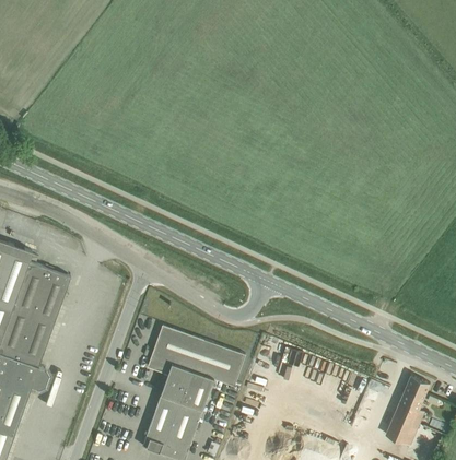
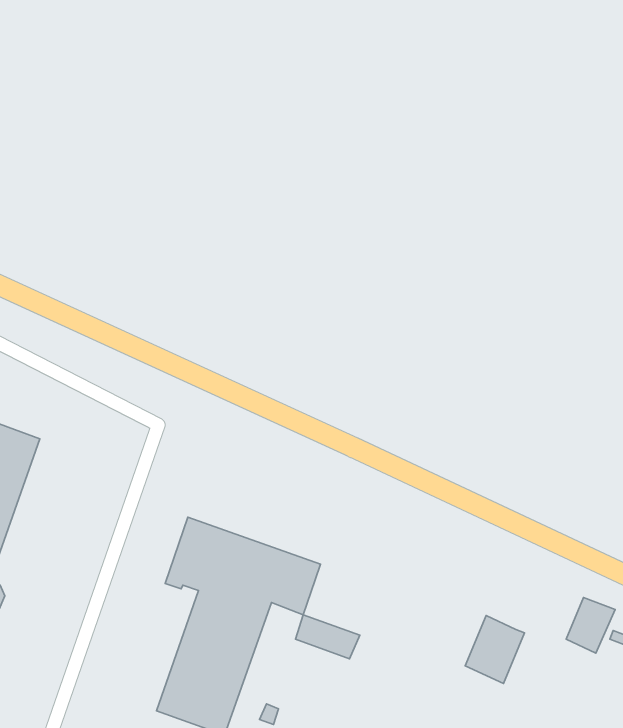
building: none -> [296,615,360,659]
building: [387,403,424,446] -> [465,615,525,683]

